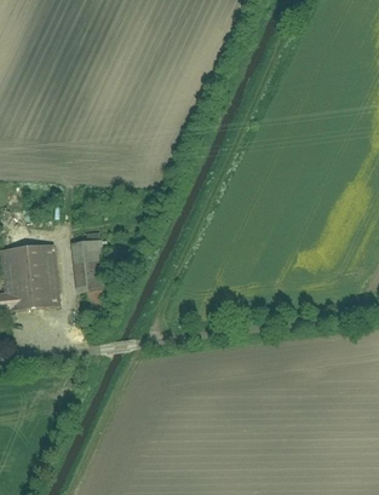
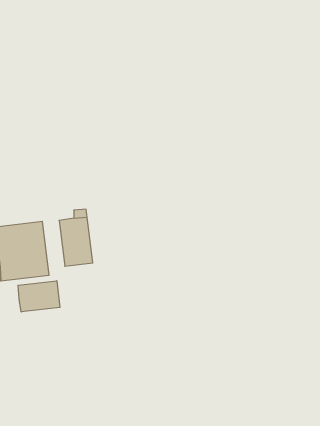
building: none -> [18,281,60,312]

